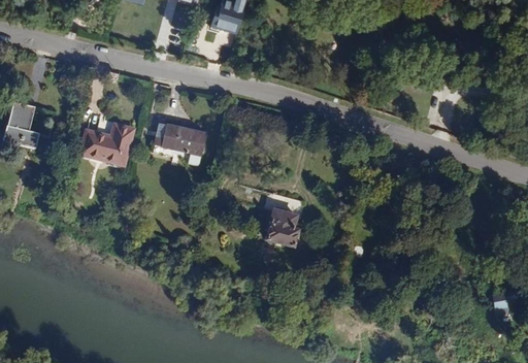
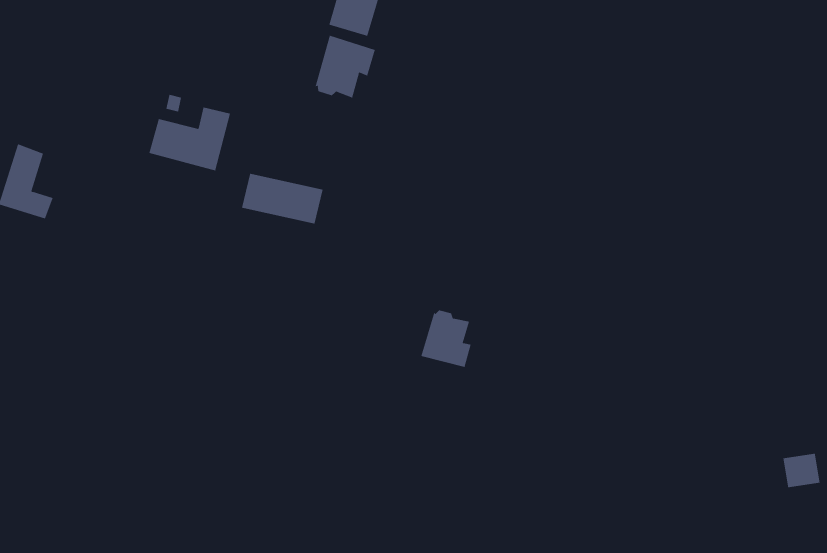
building: none -> [315,35,376,99]
building: [81,123,133,163] -> [148,107,231,171]

